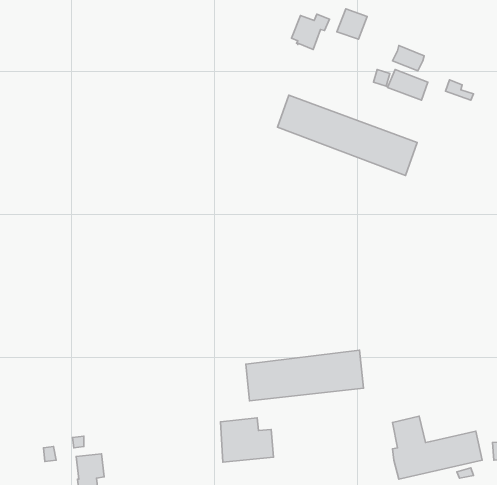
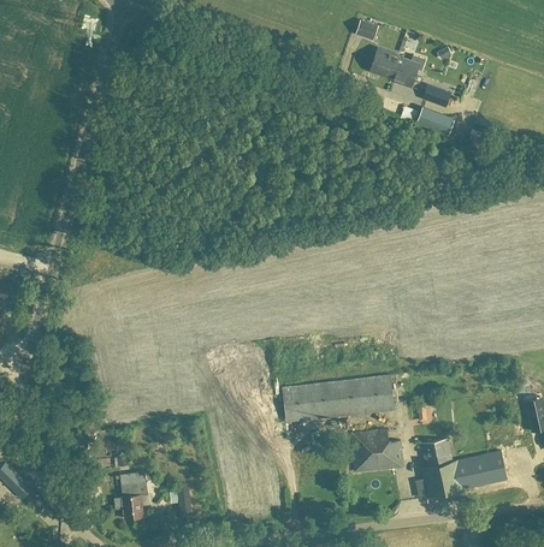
building: [292,14,329,50] -> [390,55,426,89]
building: [277,95,417,176] -> none
building: [220,418,274,462] -> [353,429,403,471]

